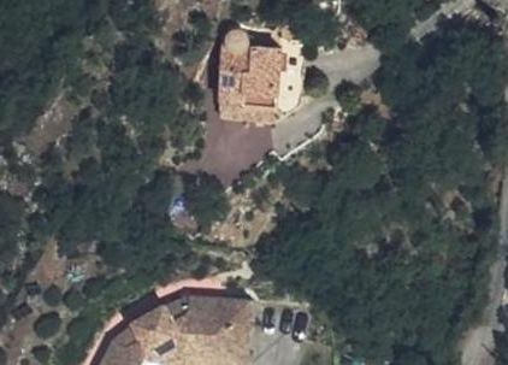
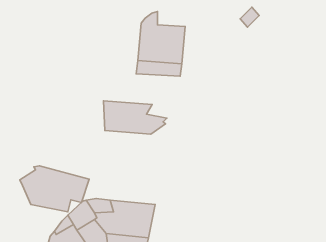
building: none -> [104,101,167,134]
building: none -> [20,166,89,212]

